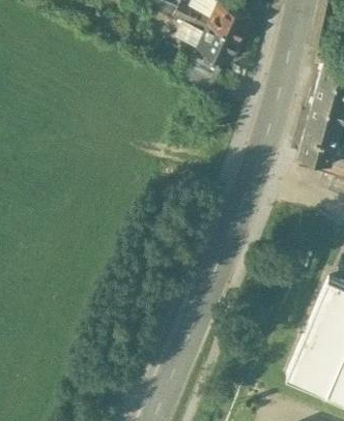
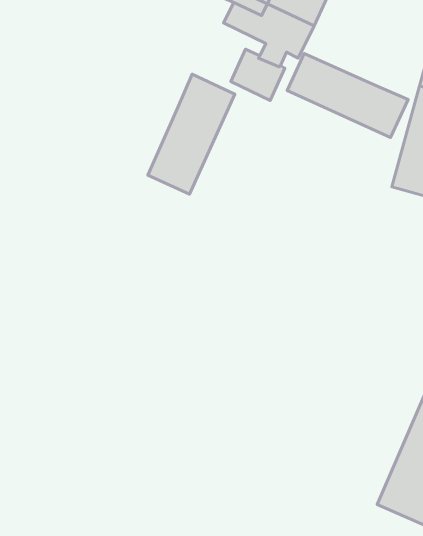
building: none -> [287,53,408,138]
building: none -> [148,74,235,194]

